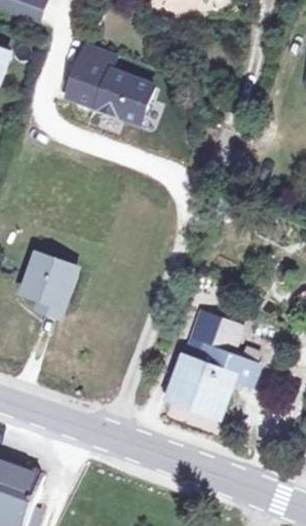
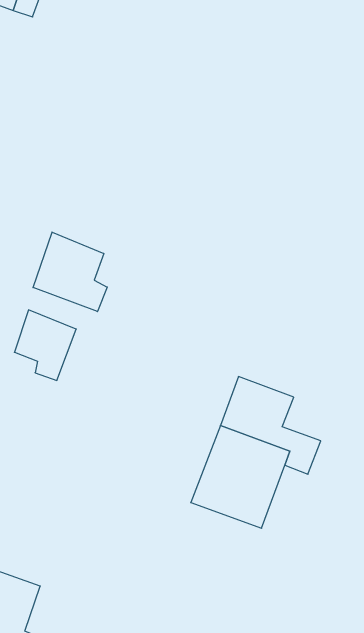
building: [62,39,156,123] -> none
building: none -> [33,232,107,312]

